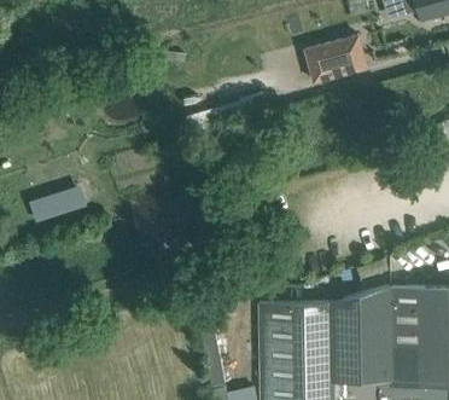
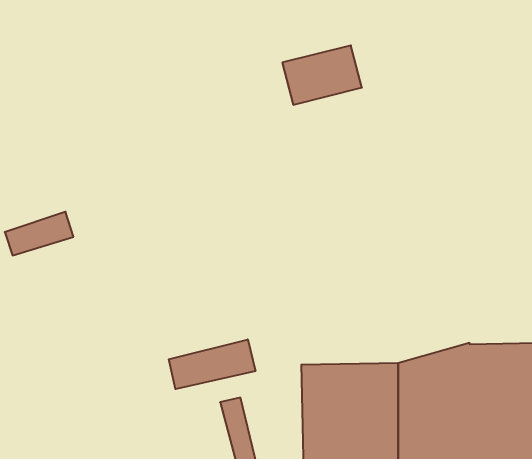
building: [305,36,367,82] -> [282,45,362,105]
building: none -> [169,339,255,389]

